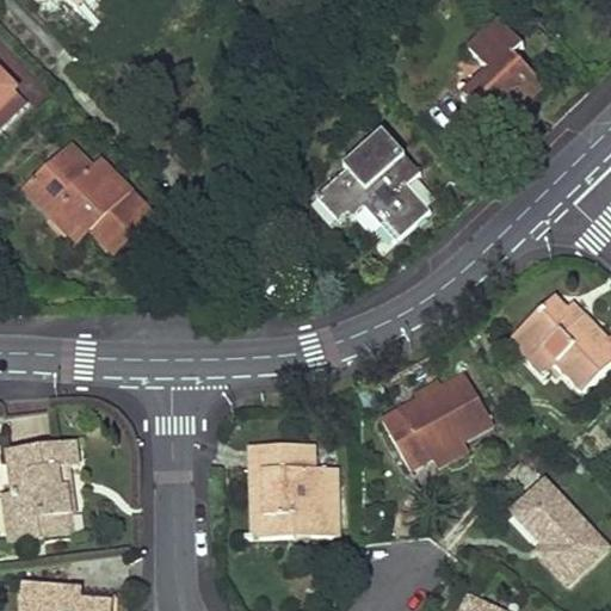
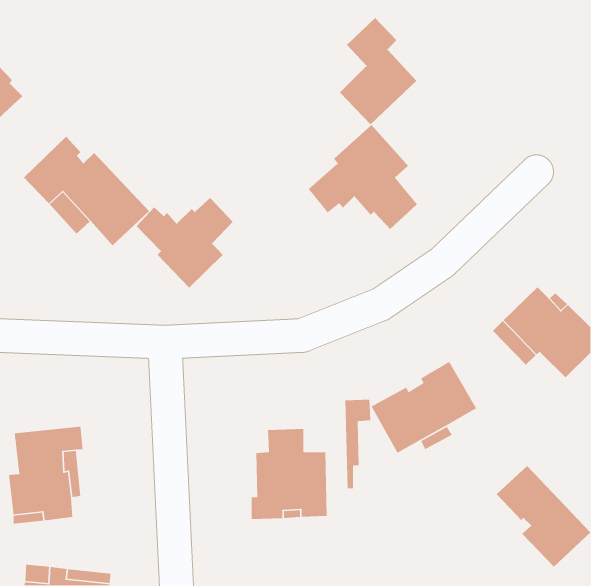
building: [462,18,542,129] -> [339,17,417,125]
building: none -> [136,197,233,288]
building: [248,442,276,535] -> [344,399,371,489]

